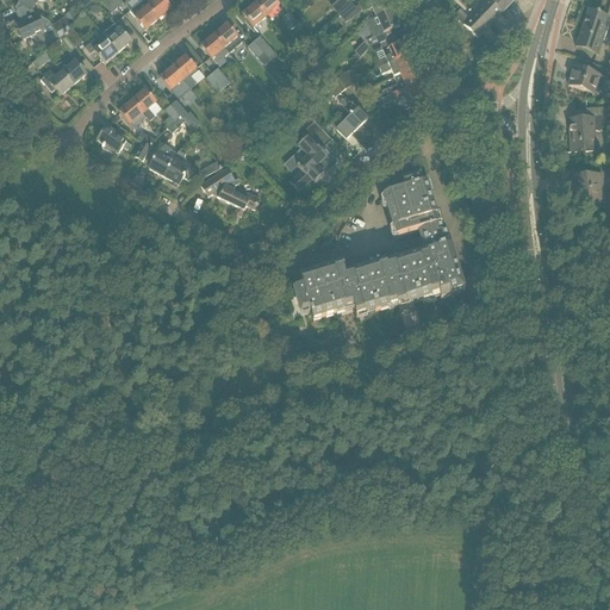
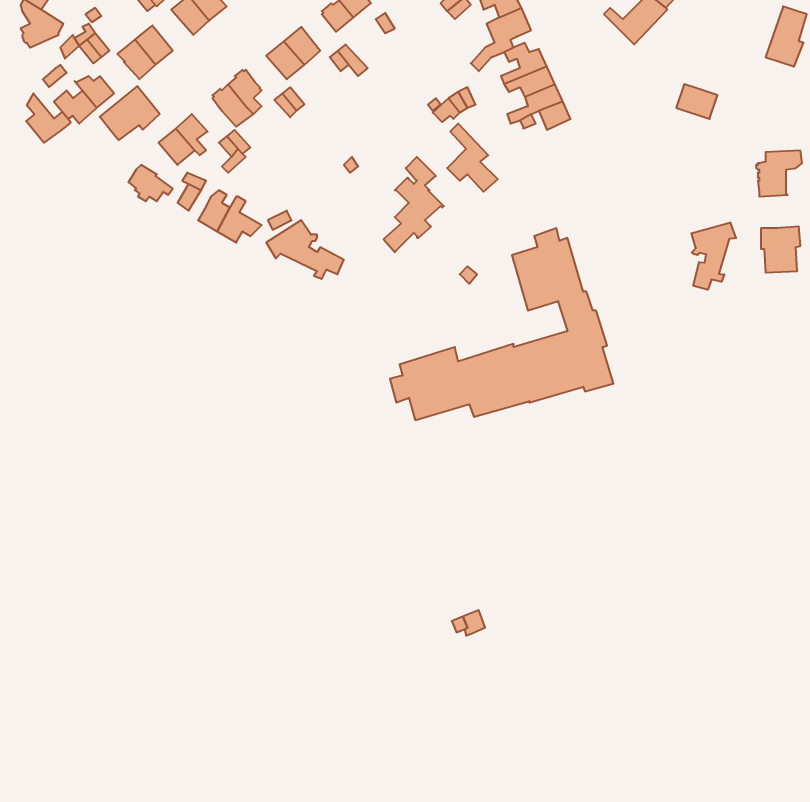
building: [568,63,599,89] -> [676,84,717,119]
building: none -> [100,86,160,140]
building: none -> [26,93,70,143]
building: none -> [691,222,736,290]

